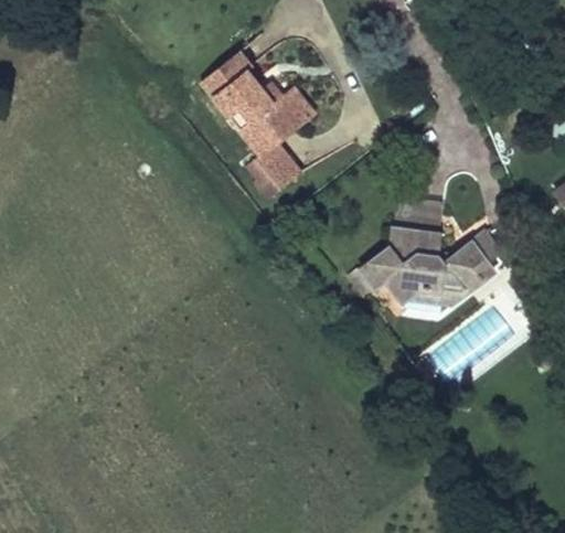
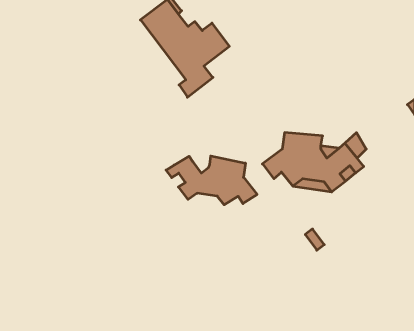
building: none -> [166,156,257,205]

